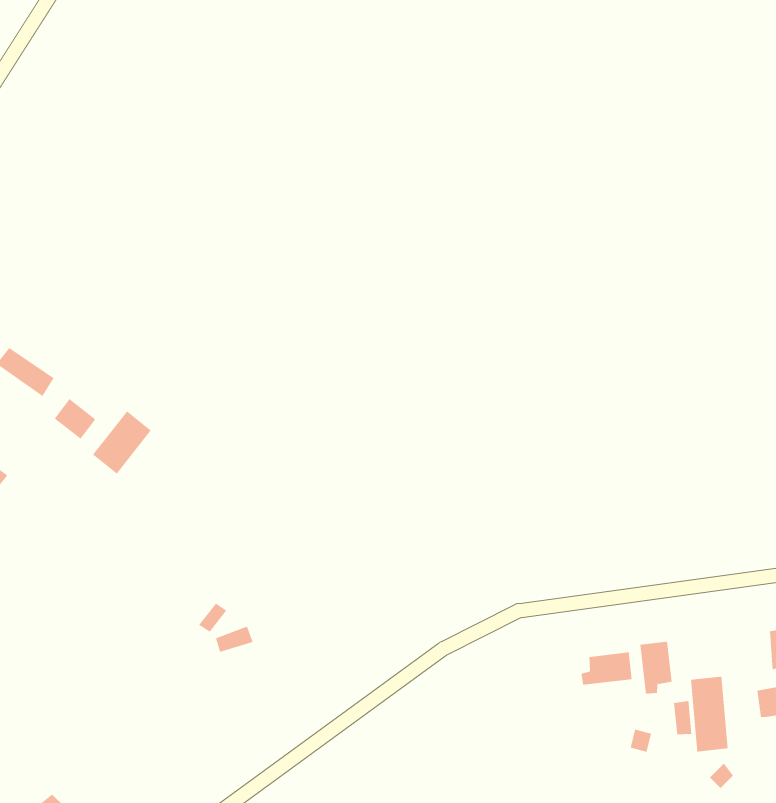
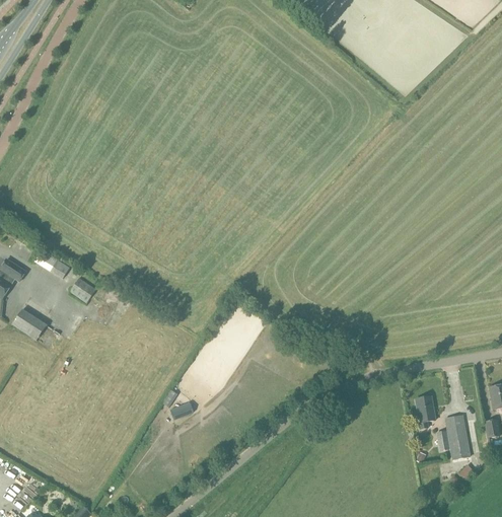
building: [92,410,152,475] -> none
building: [581,652,632,686] -> none

